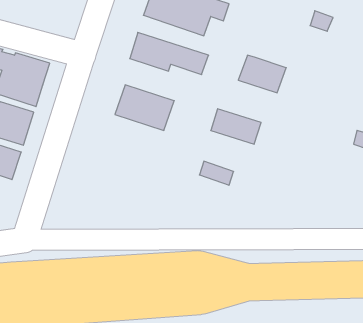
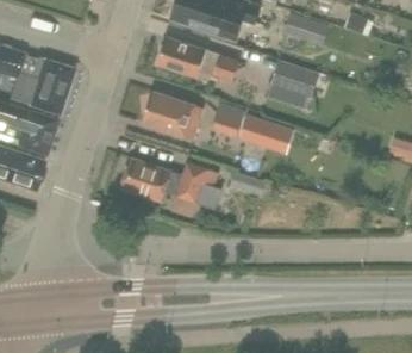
building: none -> [283,13,329,45]
building: none -> [212,104,245,137]
building: none -> [120,156,218,202]

